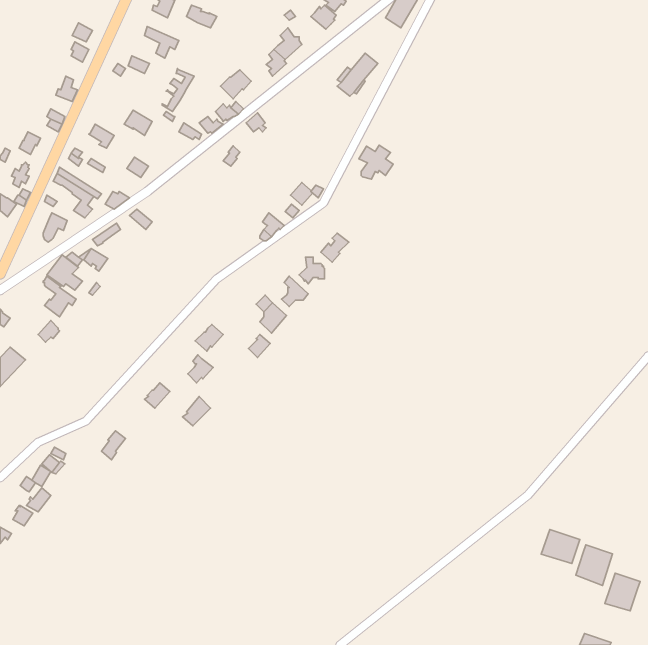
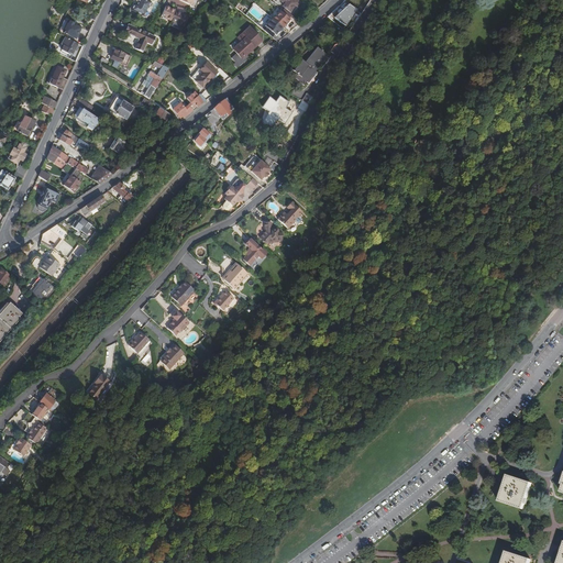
building: [359,145,393,179] -> [262,95,291,124]
building: [541,530,580,563] -> none
building: [605,573,640,611] -> none

